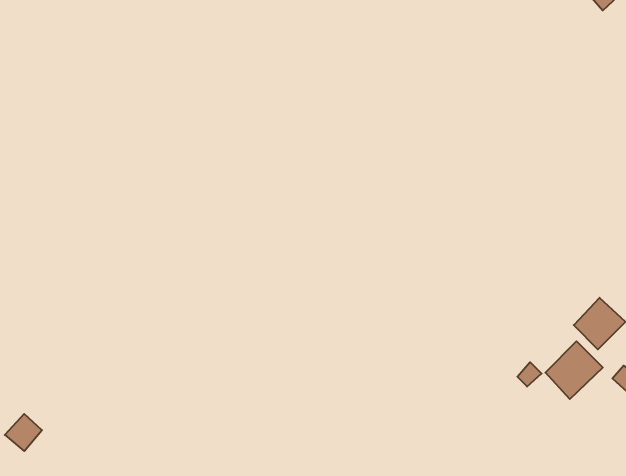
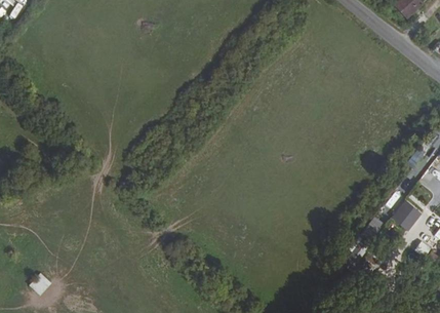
building: [545,341,603,399] -> none

